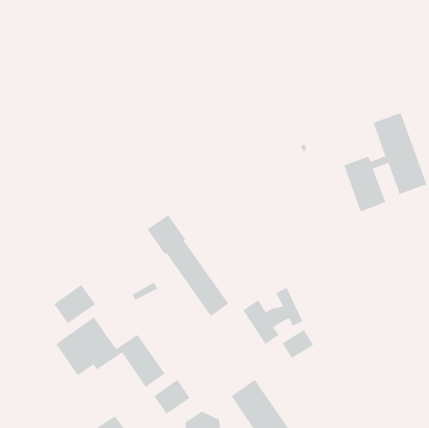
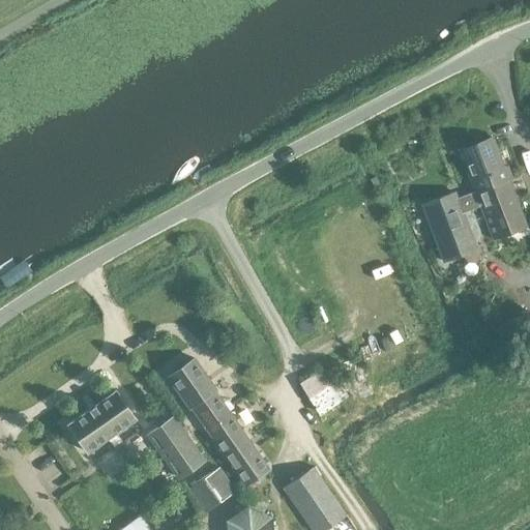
building: [147,214,229,317] -> [168,359,269,485]
building: [53,284,96,324] -> none
building: [282,329,314,359] -> none

